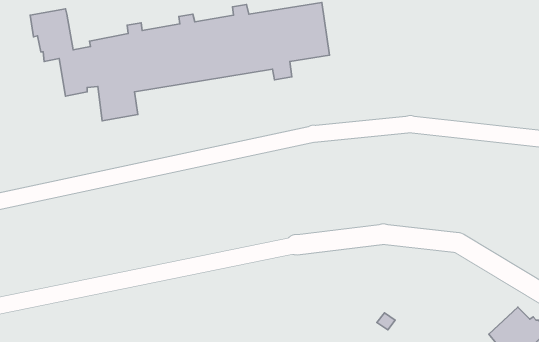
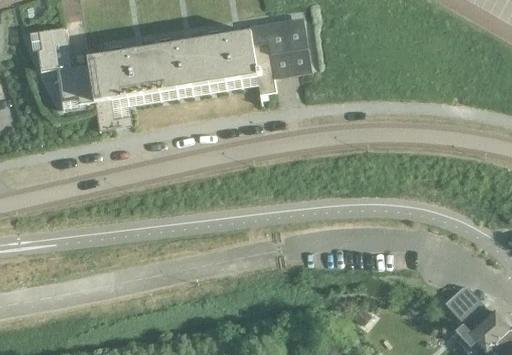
building: none -> [442,287,484,325]

